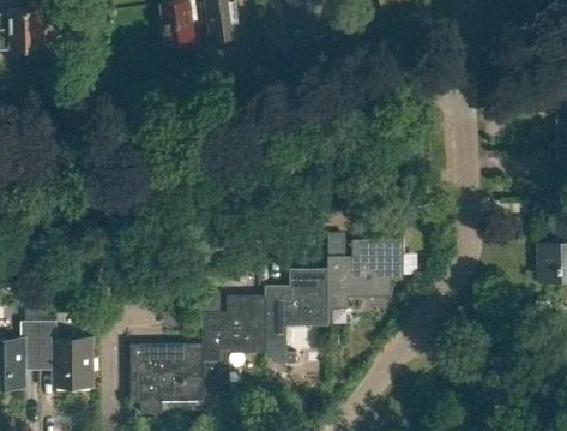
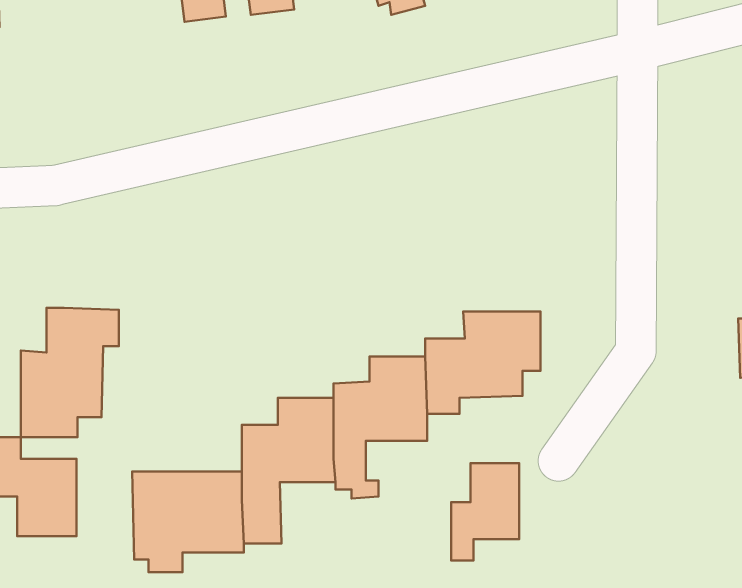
building: none -> [21,308,119,437]
building: none -> [451,463,519,561]

